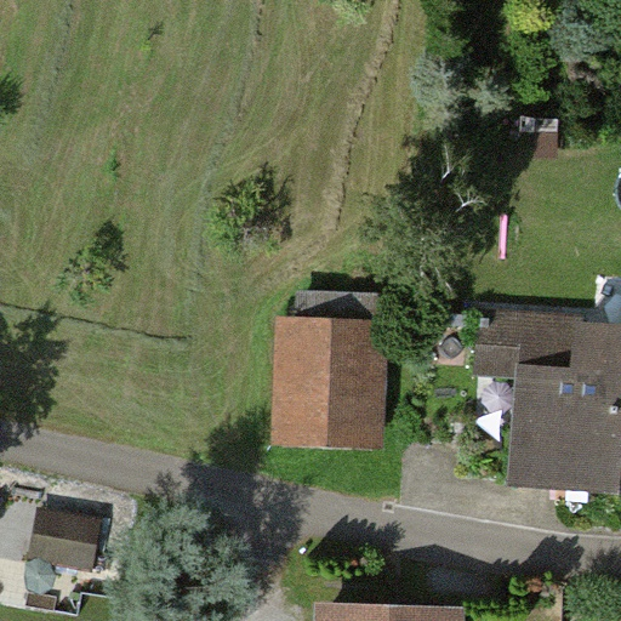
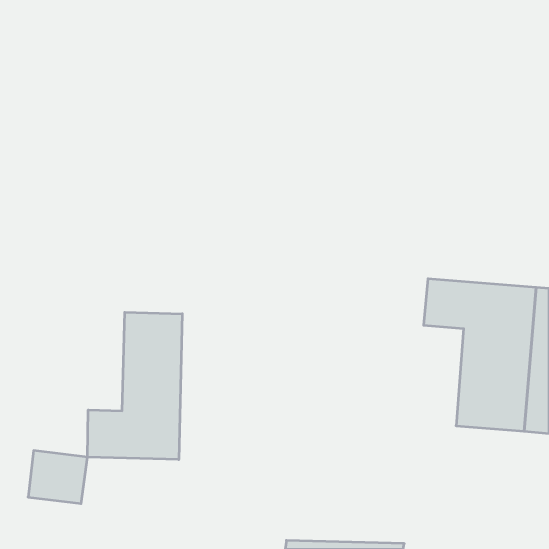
building: [278,317,383,458] -> none
building: none -> [88,312,182,460]

